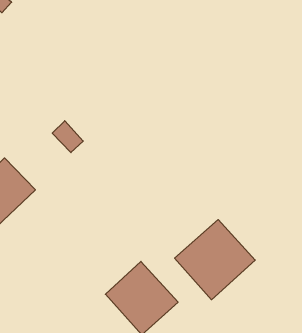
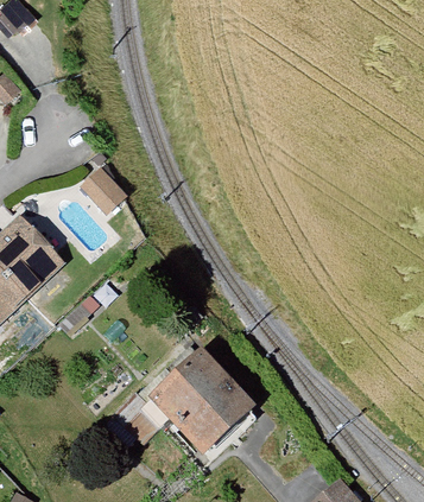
building: [175,220,255,300] -> none

